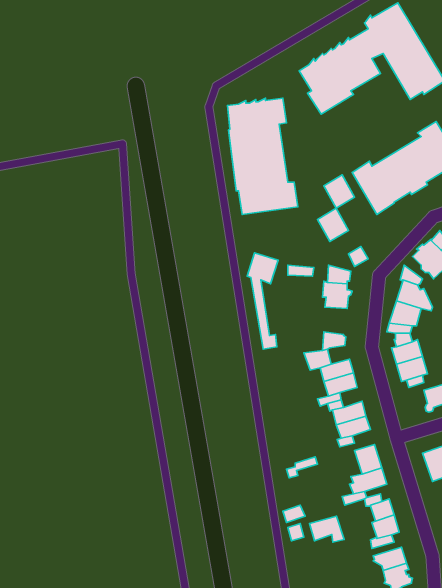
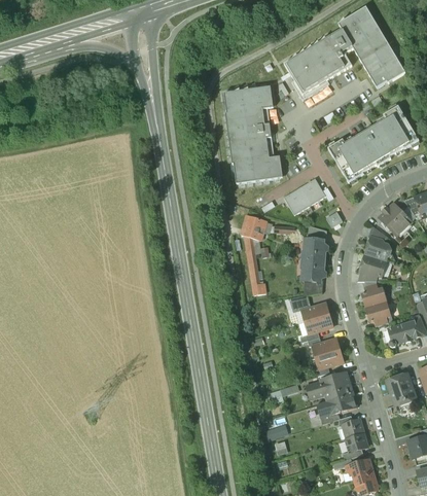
building: [324,175,355,208] -> [284,186,310,214]
building: none -> [301,259,325,282]
building: [309,516,344,542] -> [308,379,336,400]

